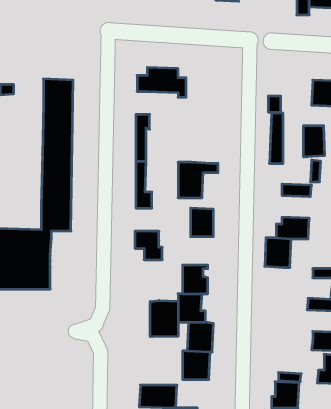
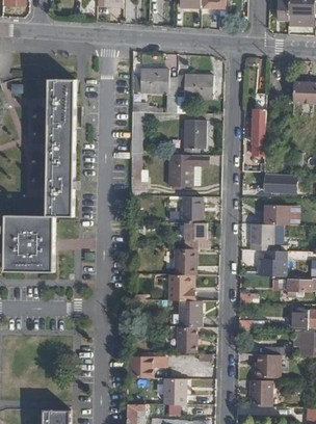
building: none -> [177,74,214,98]
building: none -> [182,120,205,156]
building: [304,126,324,157] -> none
building: [135,231,162,260] -> [184,222,209,248]
building: none -> [260,250,285,276]
building: [150,300,178,337] -> none

